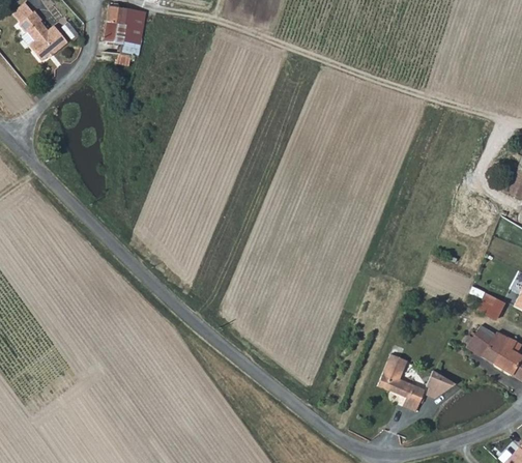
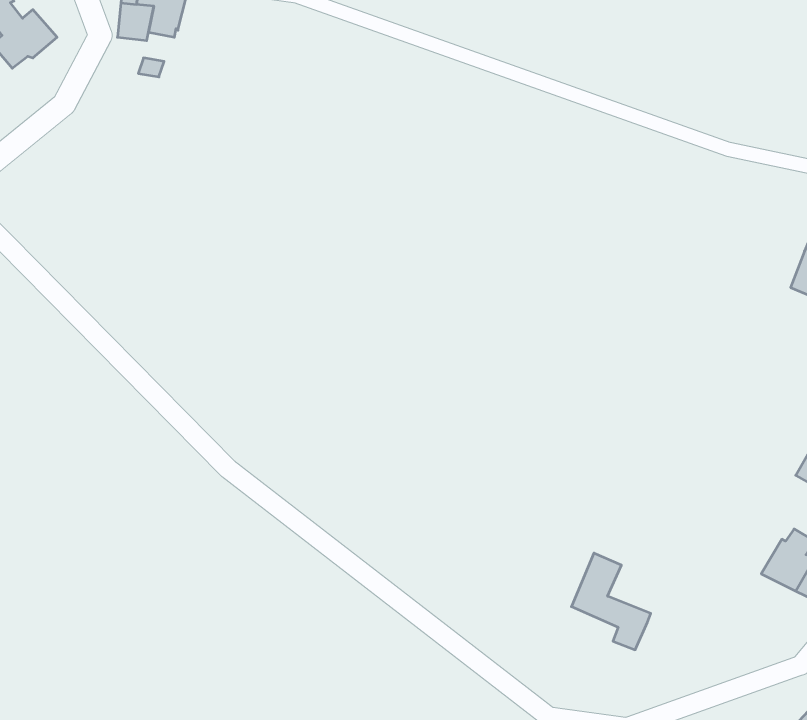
building: [477,292,504,319] -> none
building: [466,324,511,364] -> none
building: [423,371,454,397] -> none

